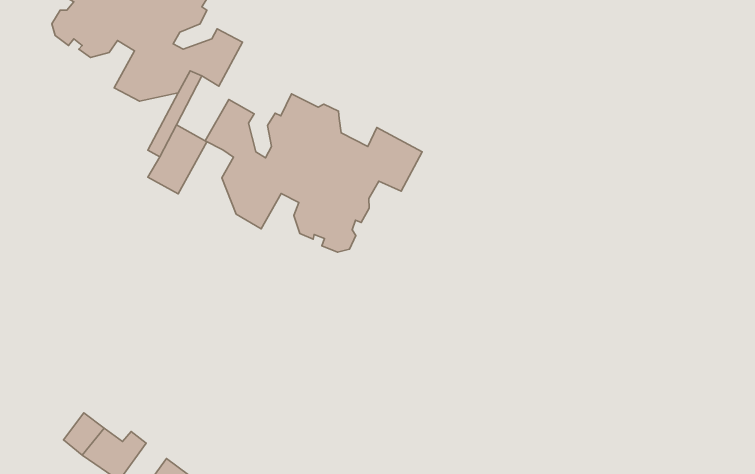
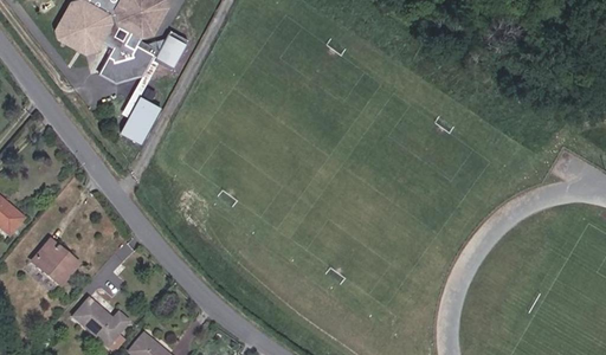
building: [205,94,422,252] -> none
building: none -> [28,243,71,284]

